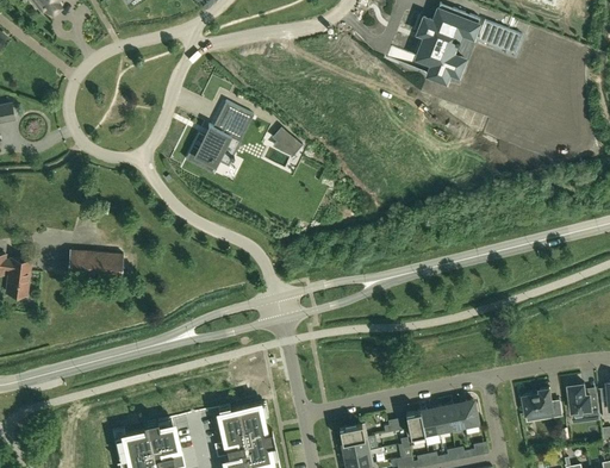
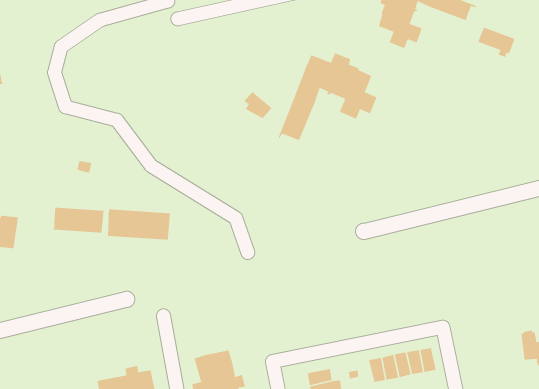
building: none -> [477,26,516,58]
building: none -> [277,51,394,141]
building: [186,101,254,174] -> none
building: none -> [107,209,171,241]
building: [523,389,562,418] -> none

